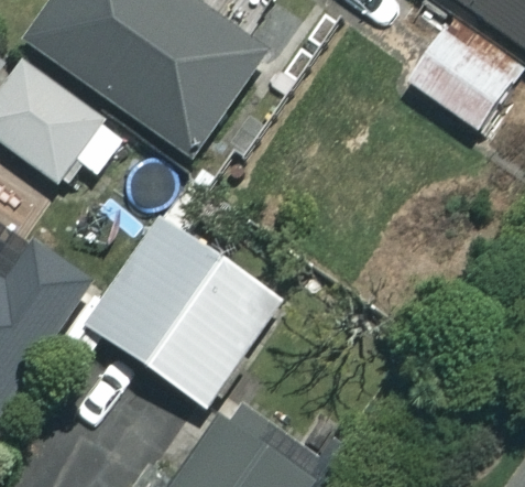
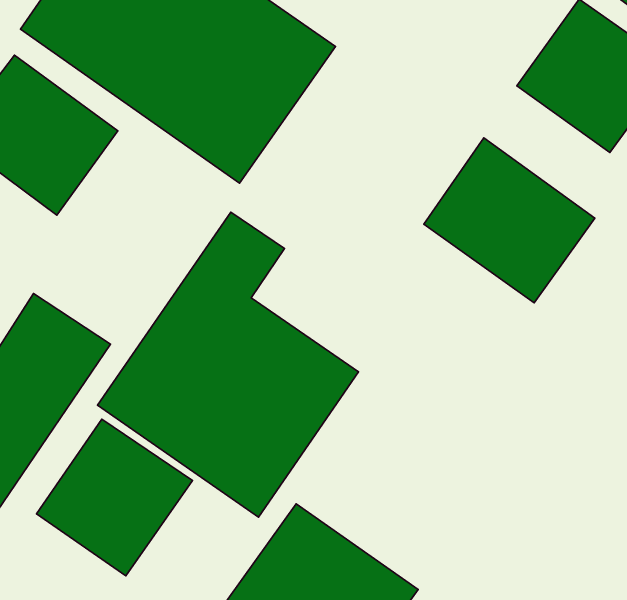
building: none -> [424,138,595,303]
building: none -> [36,419,192,576]

